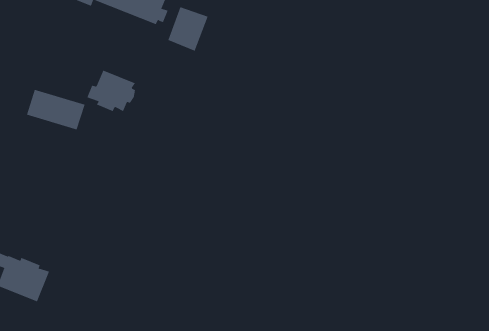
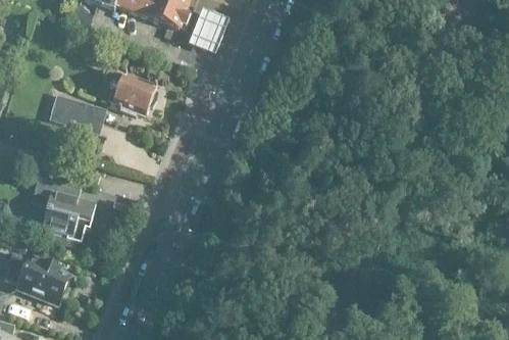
building: none -> [34,175,95,247]

